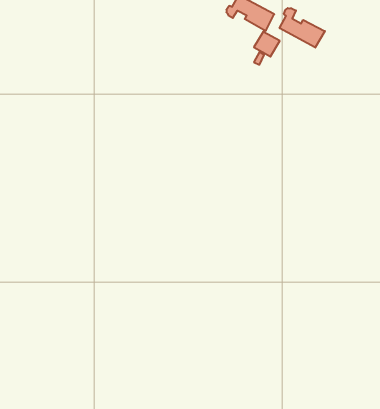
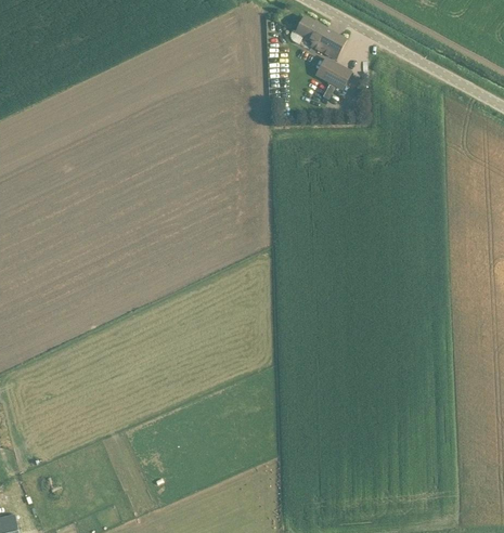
building: [280,8,325,48] -> none

